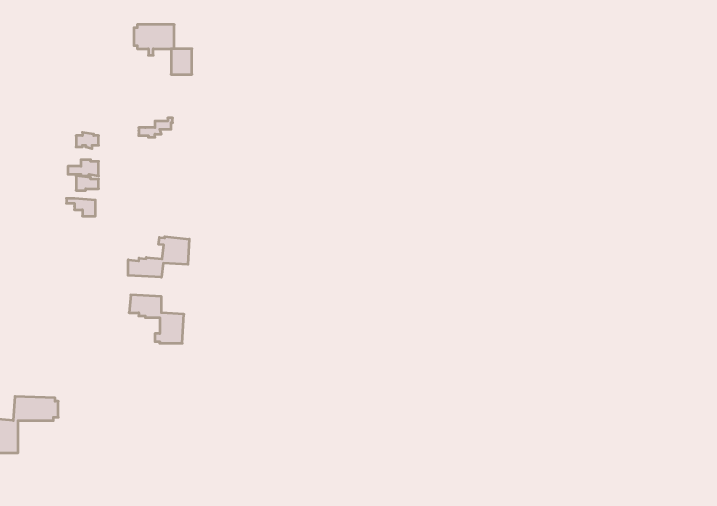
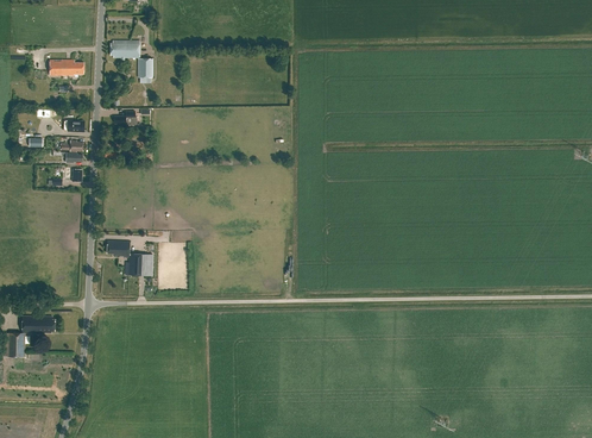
building: none -> [50,60,84,76]
building: [128,237,189,277] -> none

